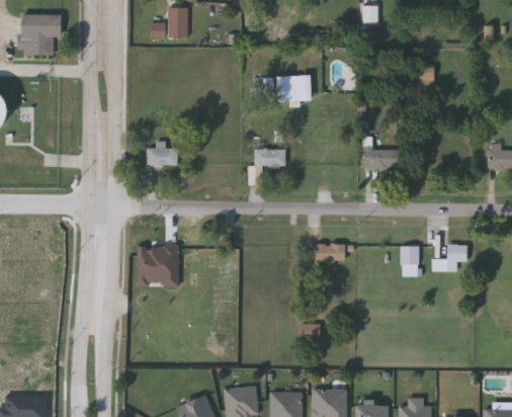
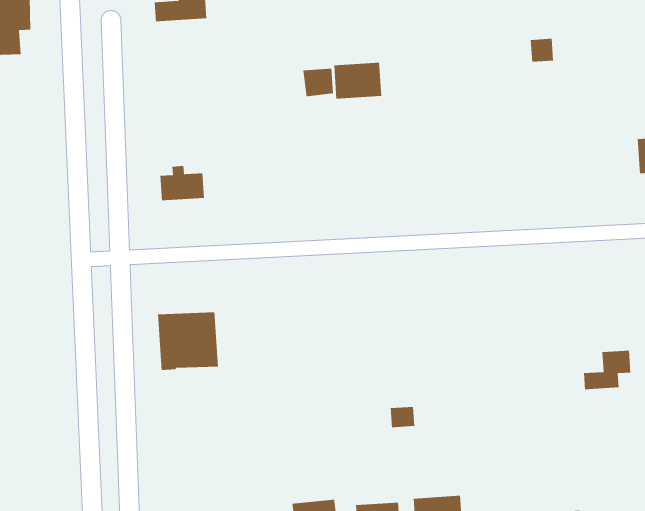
building: [362,148,402,168] -> none
building: [247,149,283,180] -> none
building: [313,243,344,260] -> none
building: [431,244,465,270] -> [583,350,631,390]
building: [400,245,418,275] -> none

